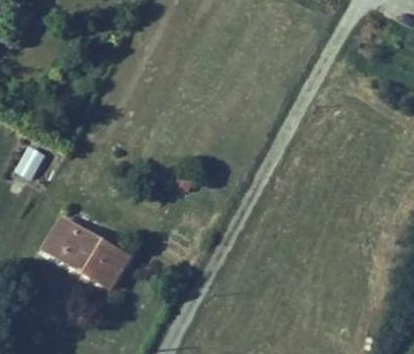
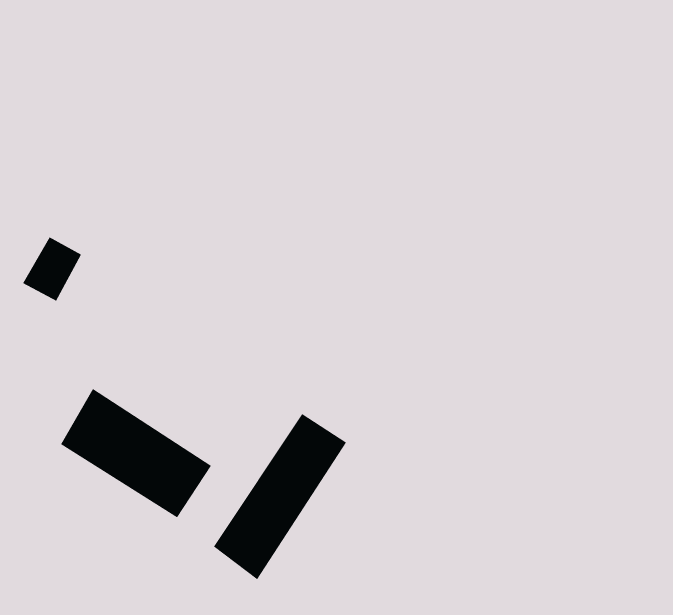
building: none -> [213,413,347,580]

